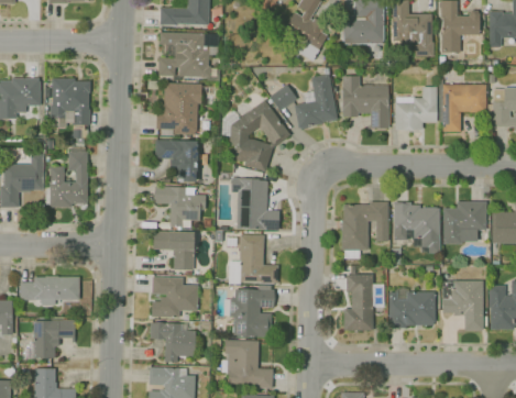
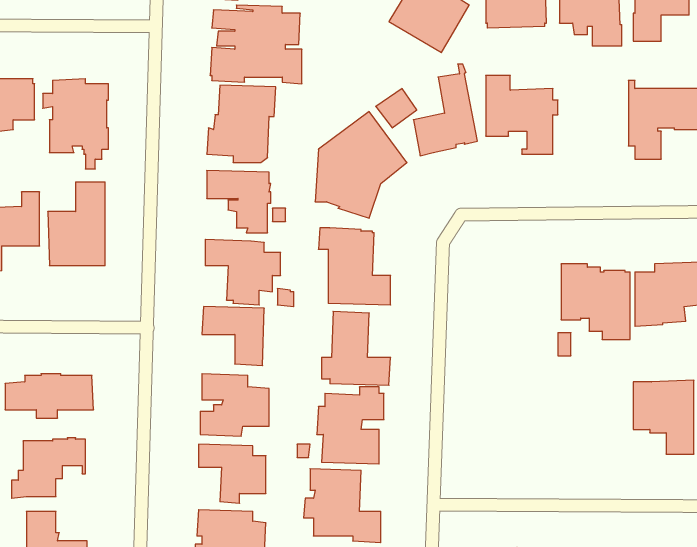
building: [395,87,437,131] -> none
building: [342,202,388,258] -> none
building: [344,274,373,330] -> none
building: [389,288,436,329] -> none

